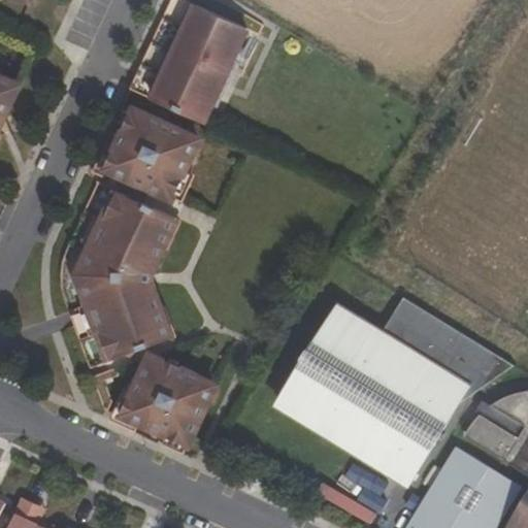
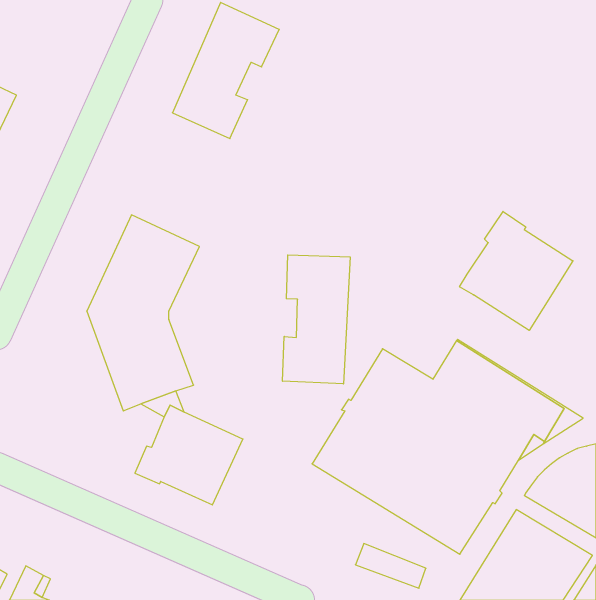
building: [102,107,197,196] -> none
building: none -> [460,211,573,330]
building: none -> [283,255,350,384]

